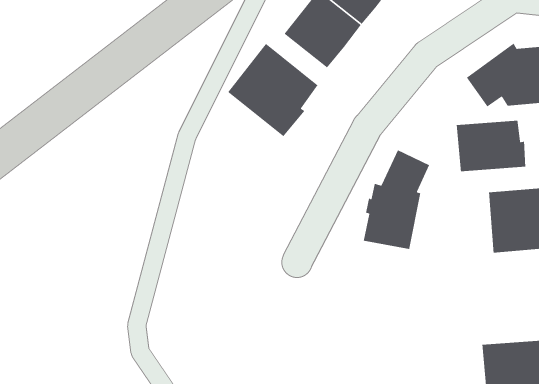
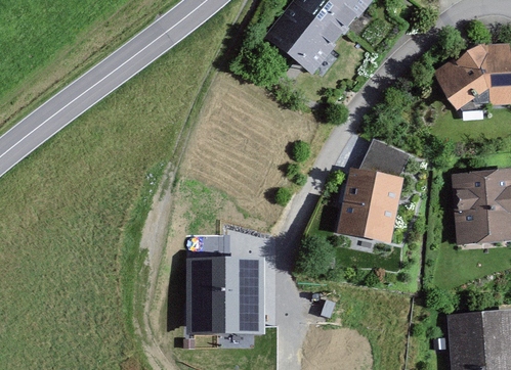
building: [227,43,319,137] -> none
building: [456,120,526,172] -> none
building: none -> [188,259,261,333]

